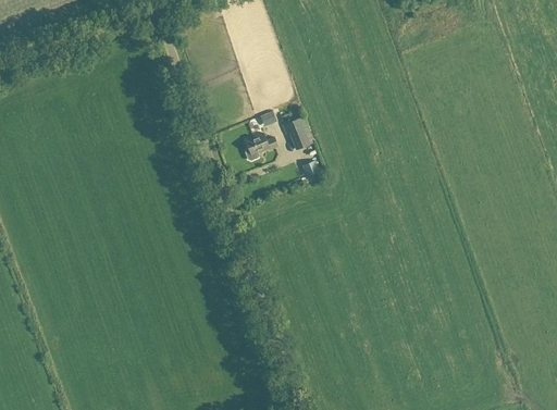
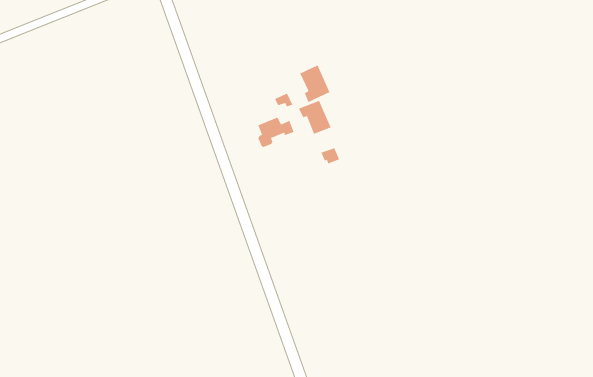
building: none -> [299,64,330,103]

